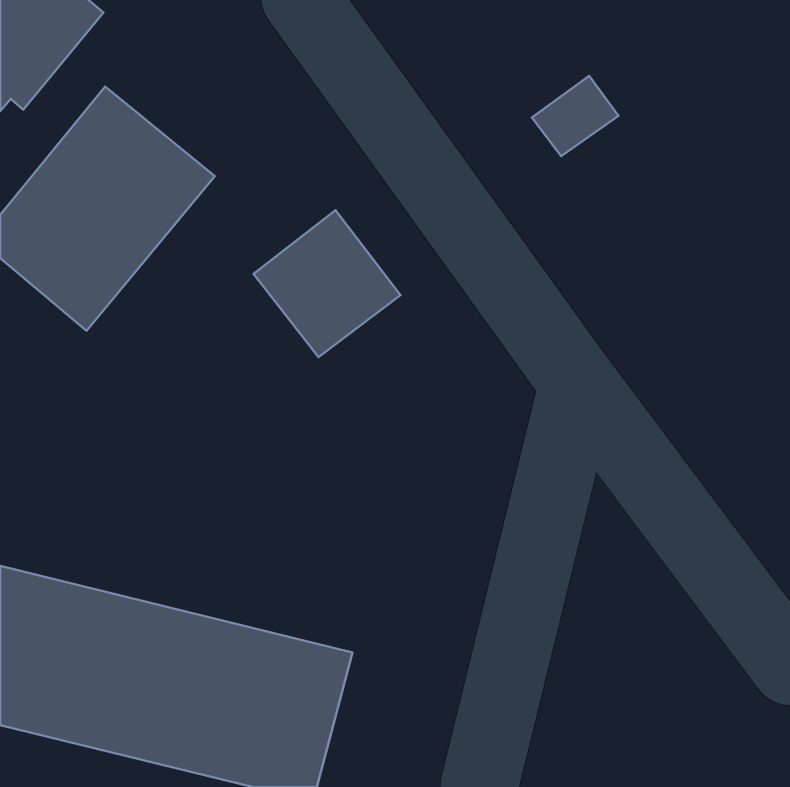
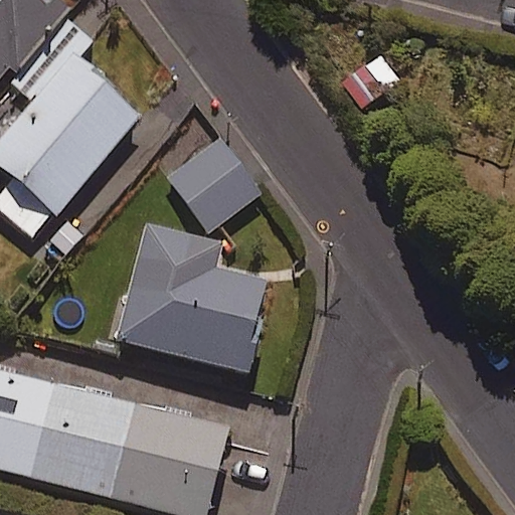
building: none -> [112,218,266,373]

